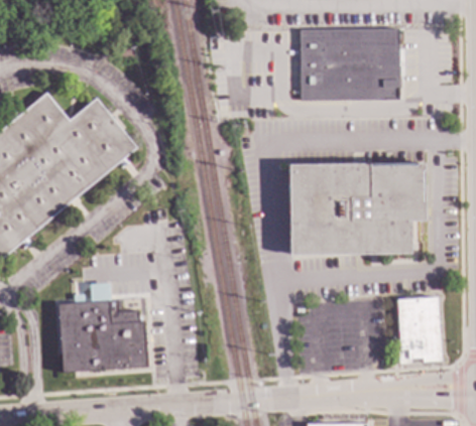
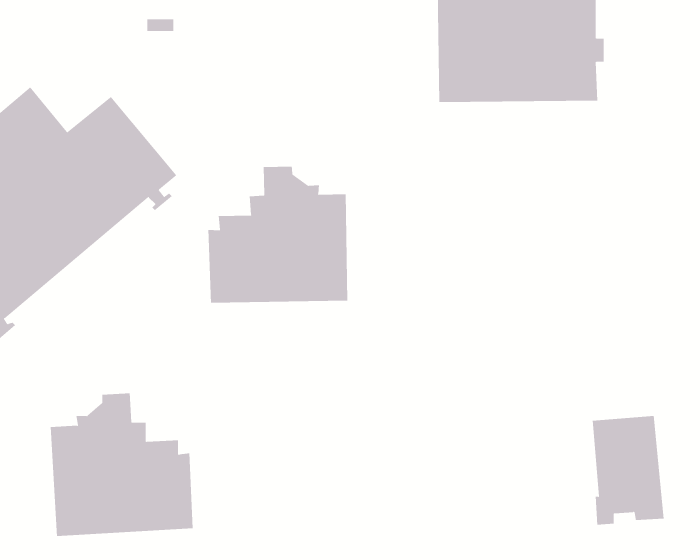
building: none -> [208,166,348,303]
building: [287,162,426,255] -> none

